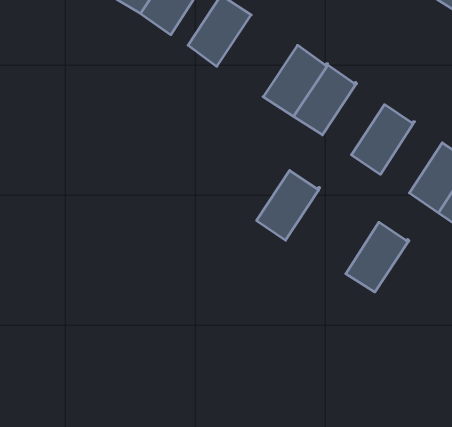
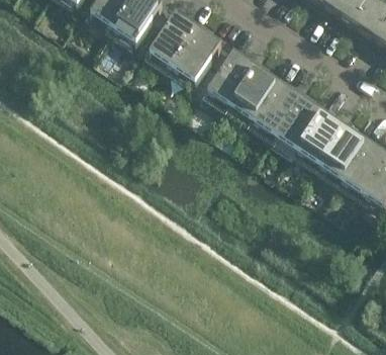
building: none -> [170,28,219,83]
building: [257,170,320,240] -> [251,82,299,136]
building: [346,222,409,292] -> [295,111,344,165]

